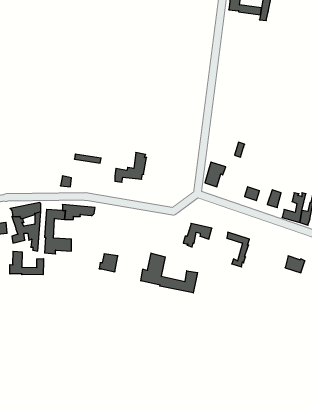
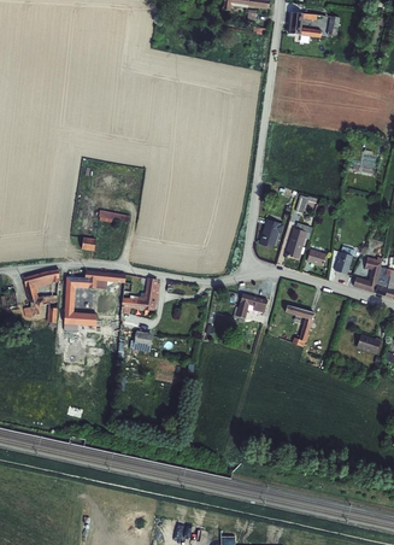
building: [115,153,147,182] -> [122,279,160,315]
building: none -> [286,223,313,259]
building: [10,251,44,275] -> none
building: [141,253,198,293] -> none

